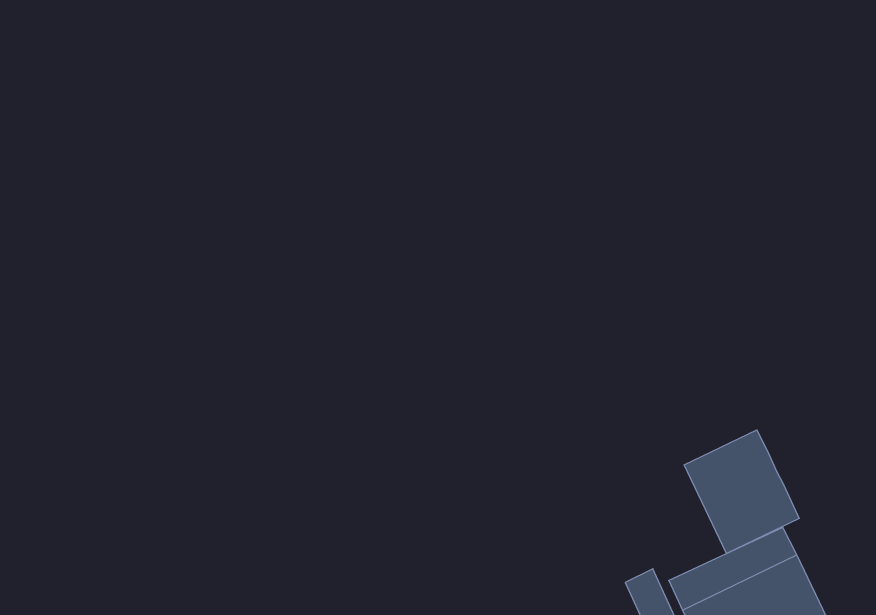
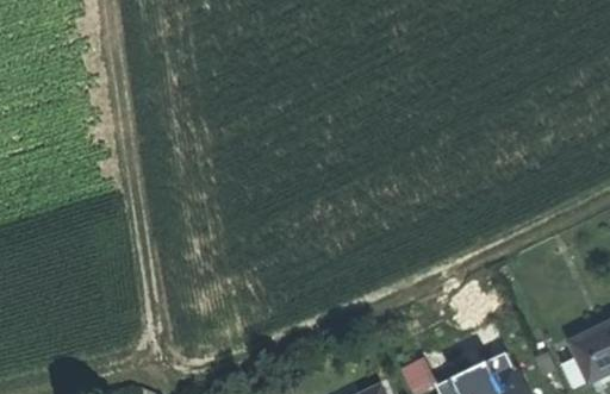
building: [684,430,799,554] -> none

